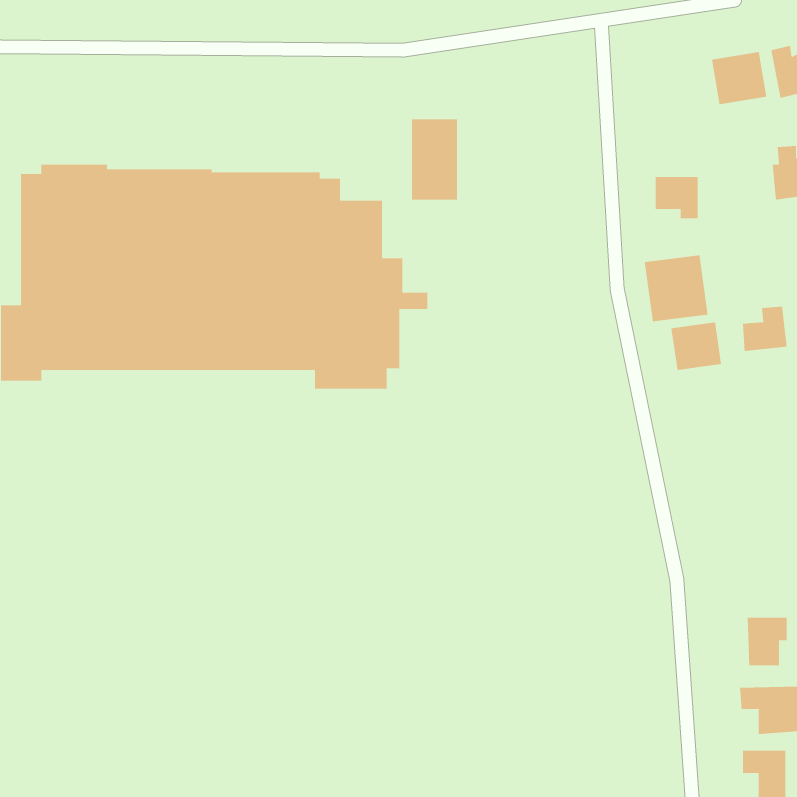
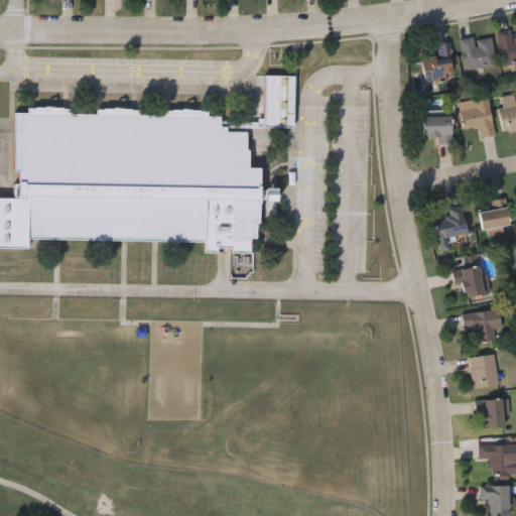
building: none -> [422,40,454,80]
building: none -> [459,97,495,137]
building: [644,255,708,322] -> none
building: none -> [453,264,491,298]
building: none -> [462,308,502,342]
building: none -> [469,354,498,388]

